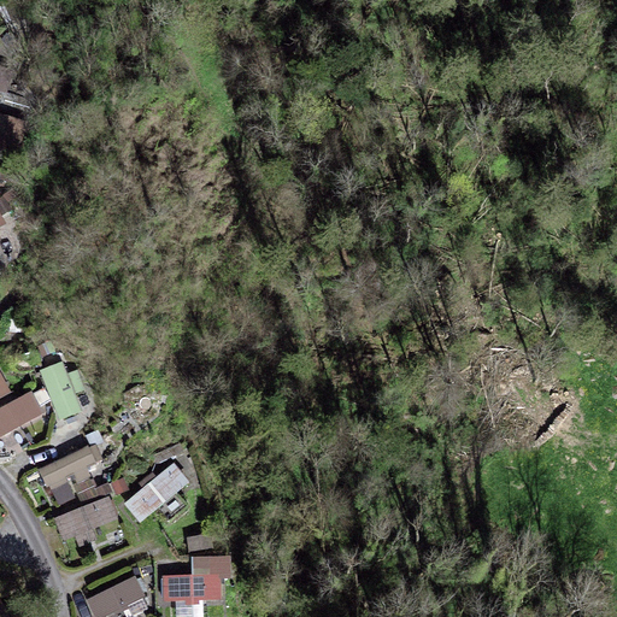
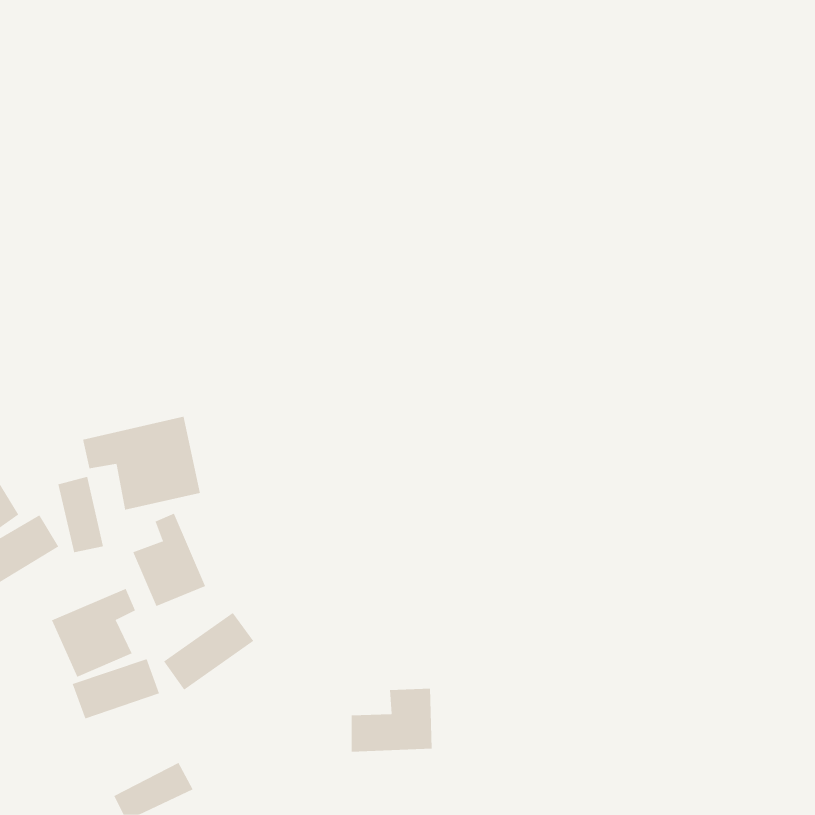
building: none -> [82,416,200,511]
building: none -> [133,513,206,607]
building: [161,554,223,603] -> [351,688,432,752]

